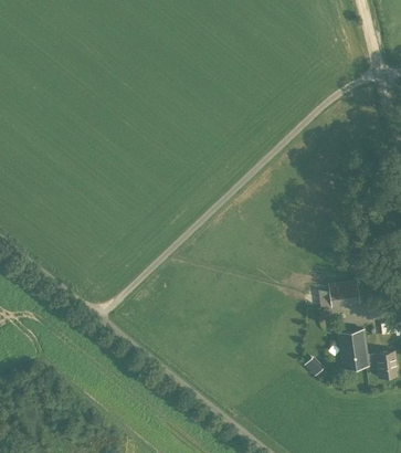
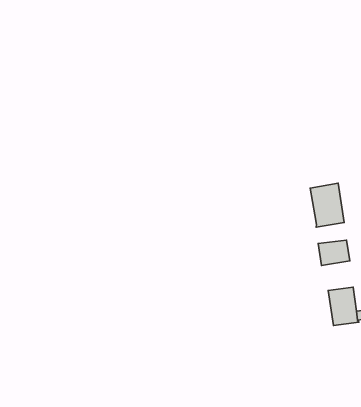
building: none -> [310,183,344,227]

